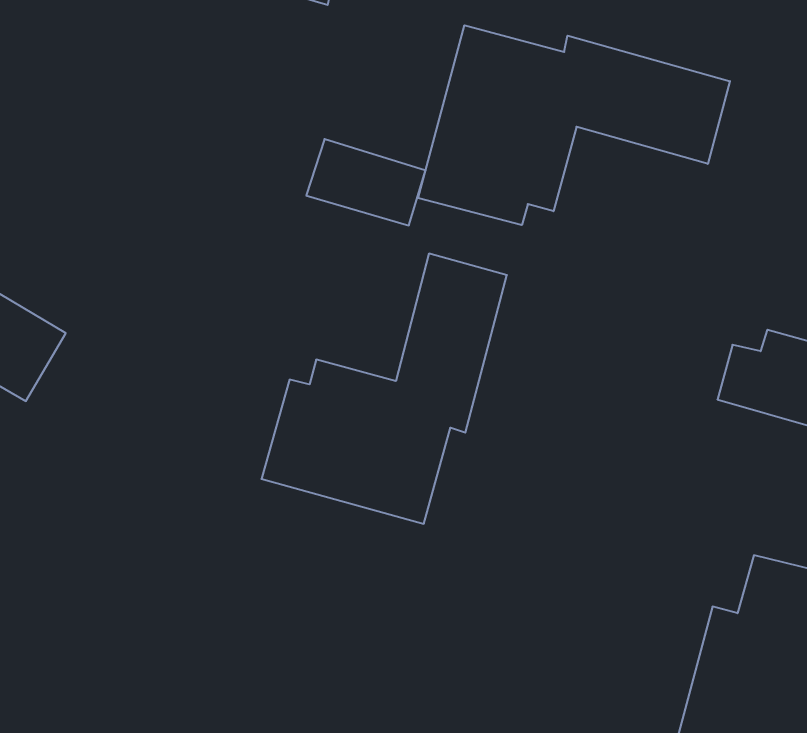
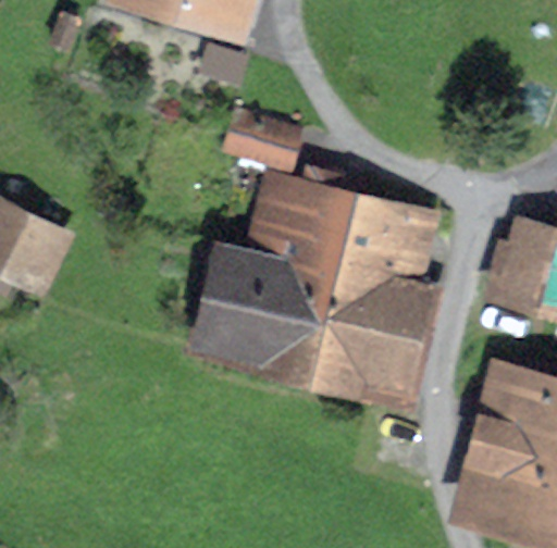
building: [418,25,730,225] -> none
building: none -> [299,196,438,389]

